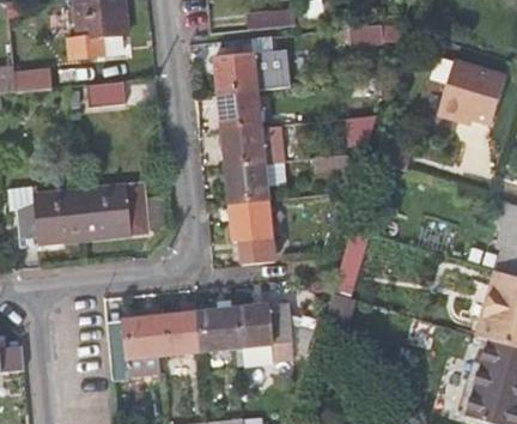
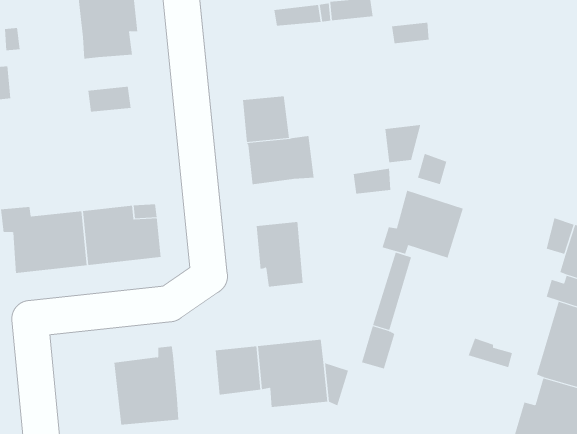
building: [217,50,292,93] -> none
building: [438,59,506,123] -> none
building: [229,162,287,204] -> none
building: none -> [382,190,463,258]
building: [160,305,200,356] -> none

